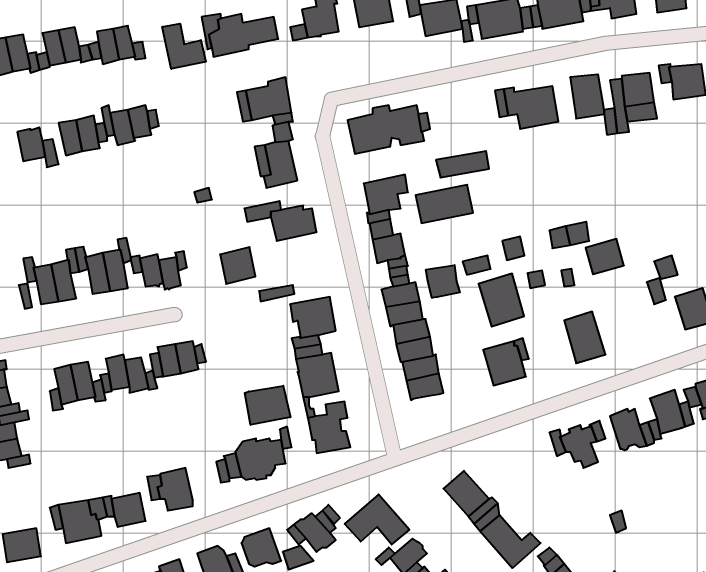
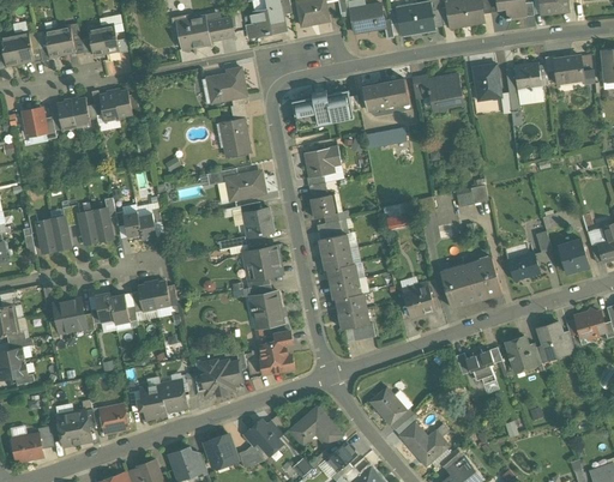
building: [162,24,206,69] -> none
building: [416,185,473,223] -> [362,79,409,110]
building: [586,239,624,274] -> [507,252,538,281]
building: [220,247,255,284] -> [246,207,275,237]
building: [426,265,460,298] -> none
building: [478,274,524,327] -> [440,265,477,308]
building: [245,386,290,425] -> none
building: none -> [159,381,186,411]

